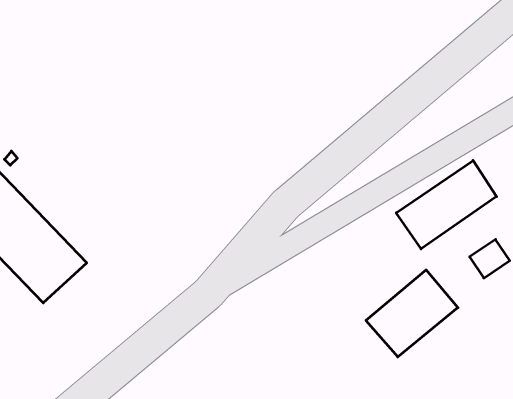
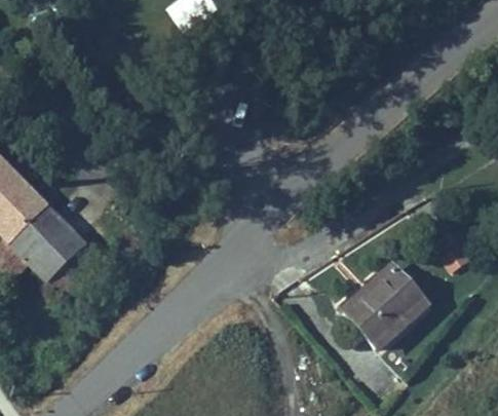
building: [396,160,497,249] -> none

